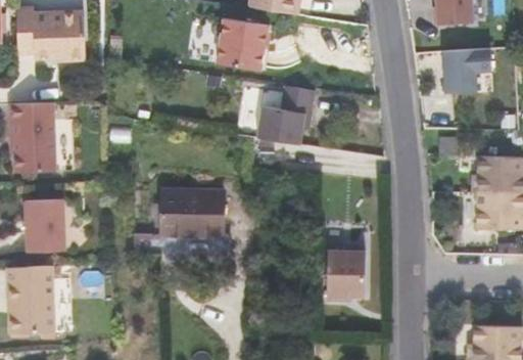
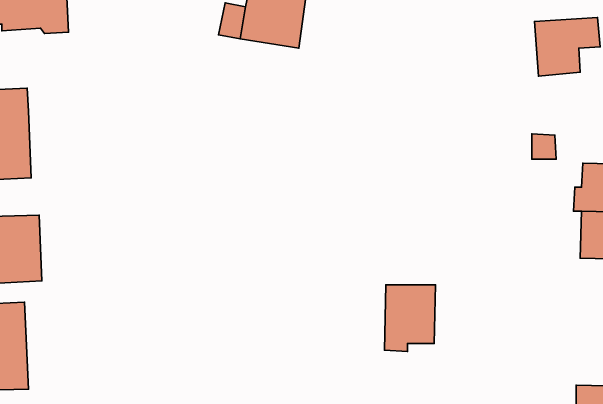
building: [258,84,317,143] -> none
building: [162,190,226,234] -> none

